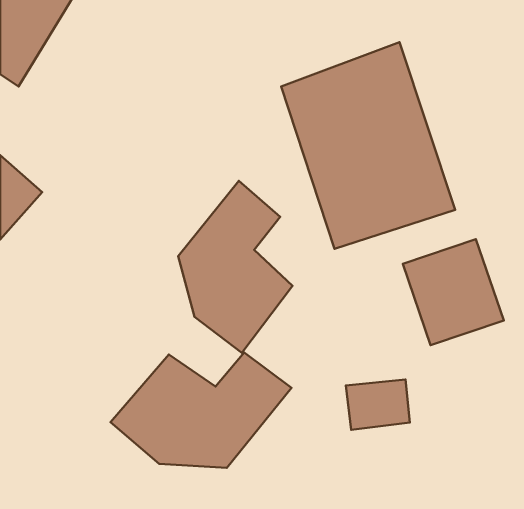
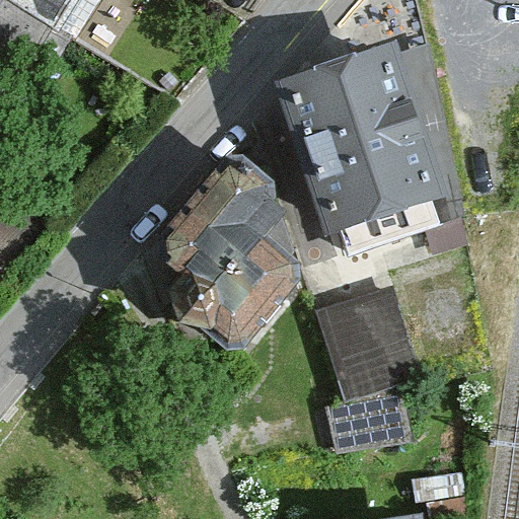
building: [403,239,504,345] -> [318,265,418,369]
building: [110,352,292,468] -> none

